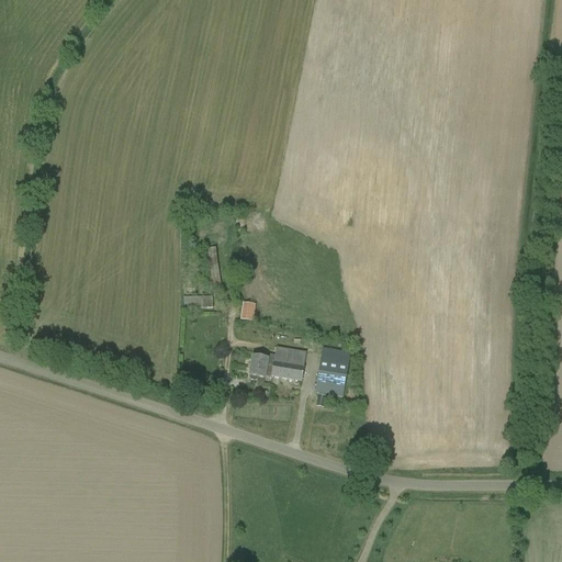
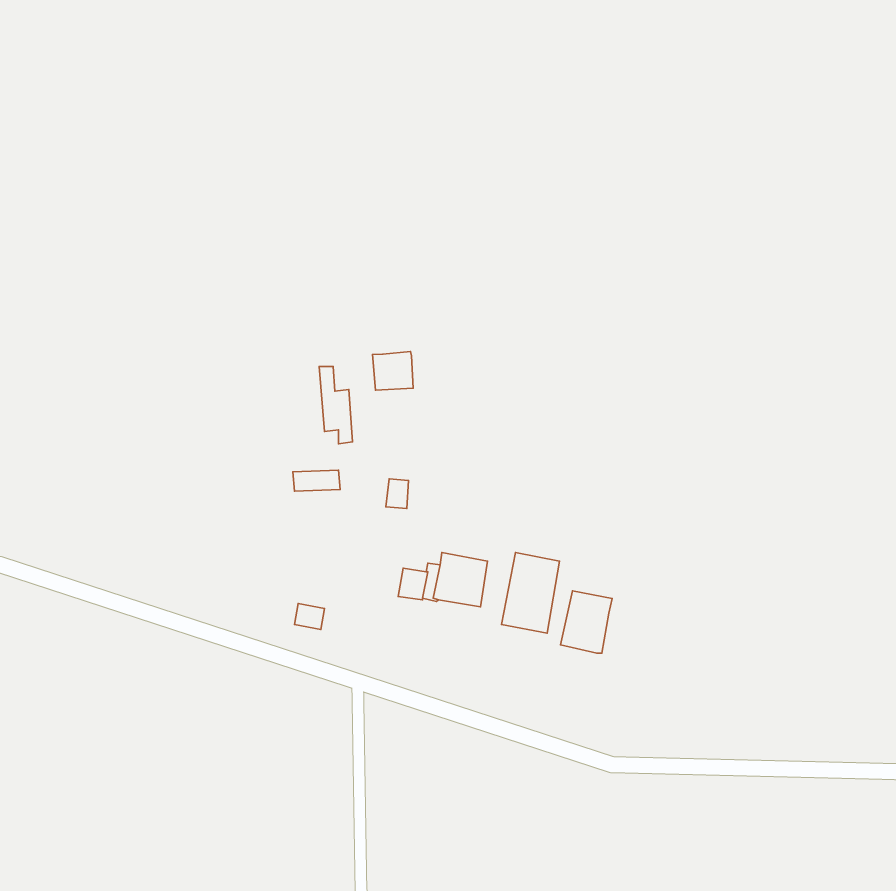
building: none -> [373,352,413,390]
building: none -> [561,591,612,653]

